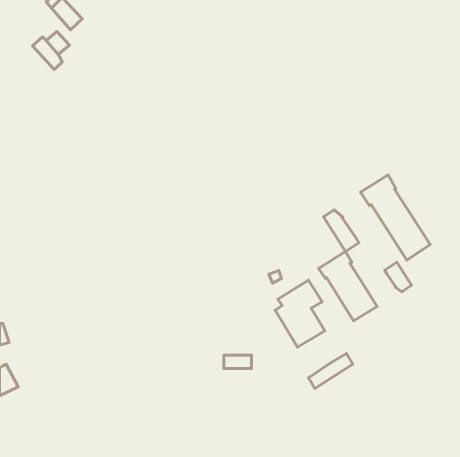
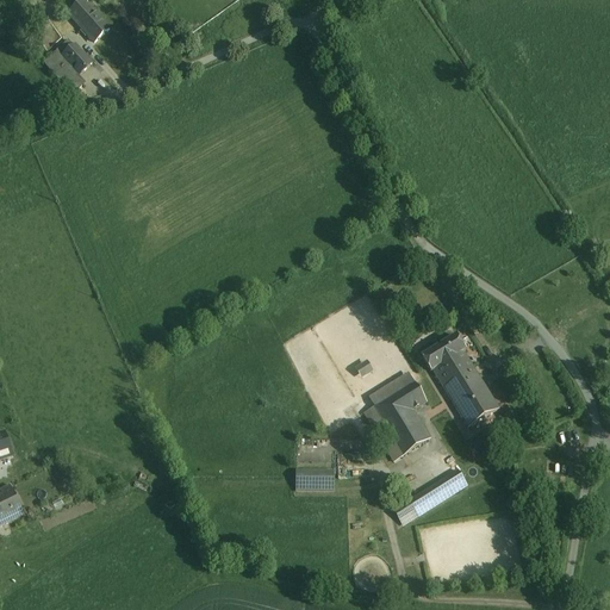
building: [360,175,430,260] -> none
building: [323,210,359,251] -> none
building: [385,262,412,292] -> none

